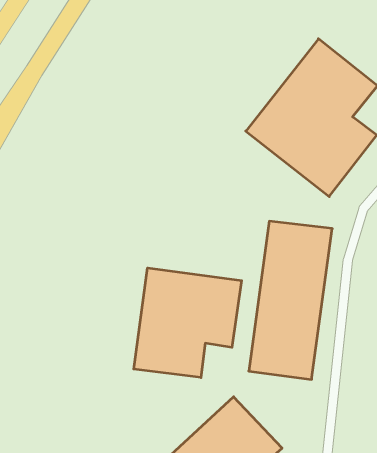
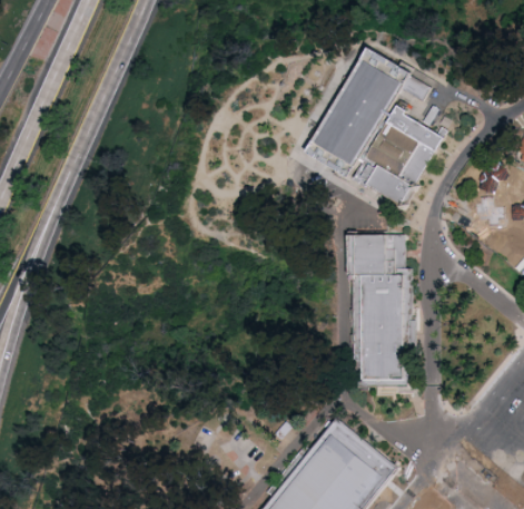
building: [134,268,242,378] -> none

